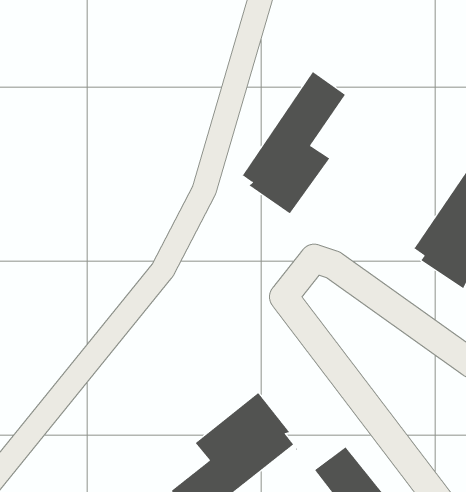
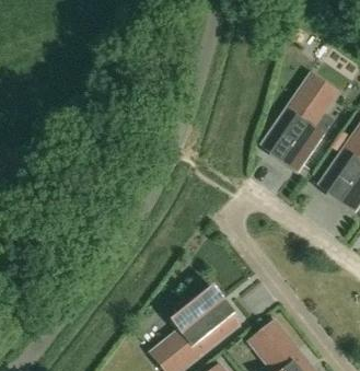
building: [236,71,346,214] -> [259,73,335,172]

